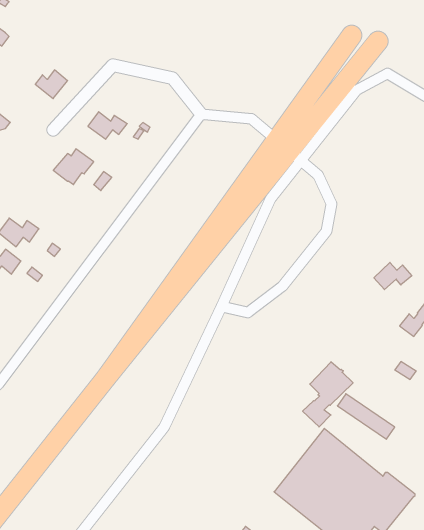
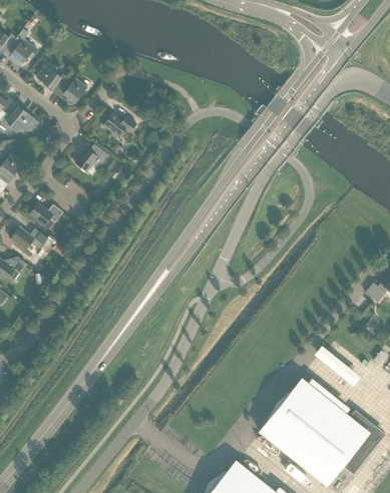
building: none -> [36,65,66,94]
building: [374,262,412,290] -> none
building: [303,362,353,427] -> none

